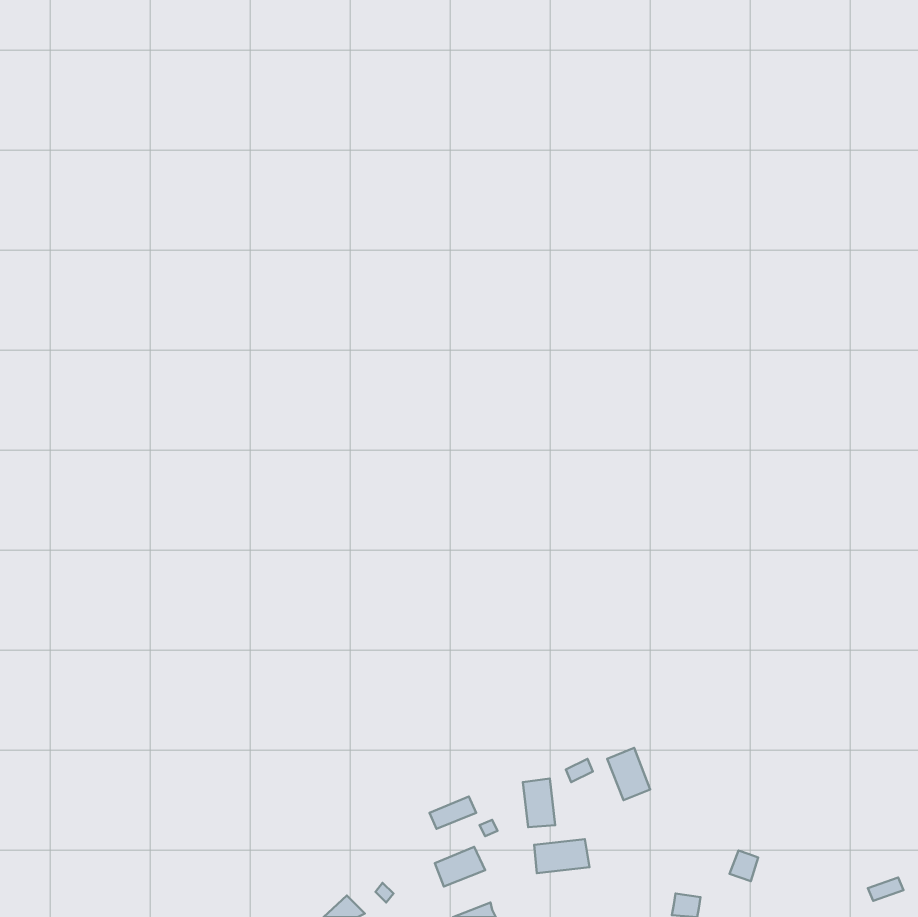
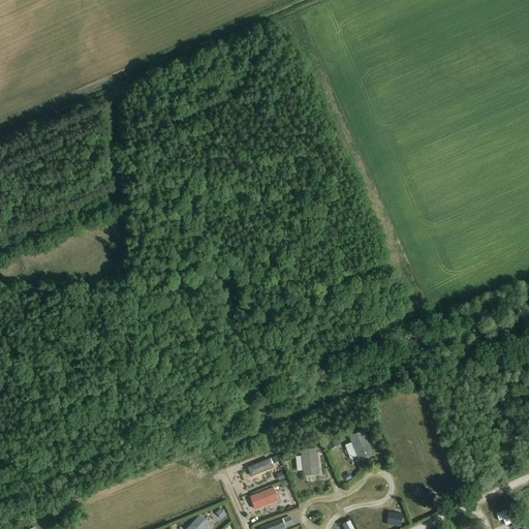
building: [534,839,590,873] -> none

